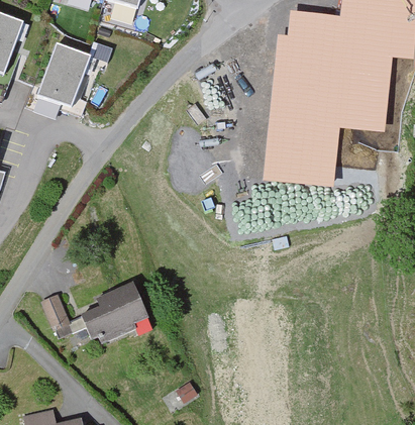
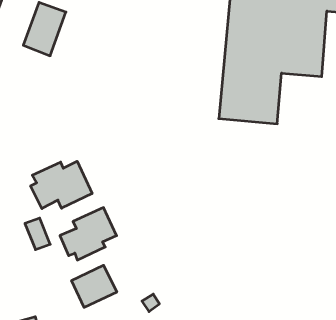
building: none -> [31,161,92,209]
building: none -> [72,265,117,307]

